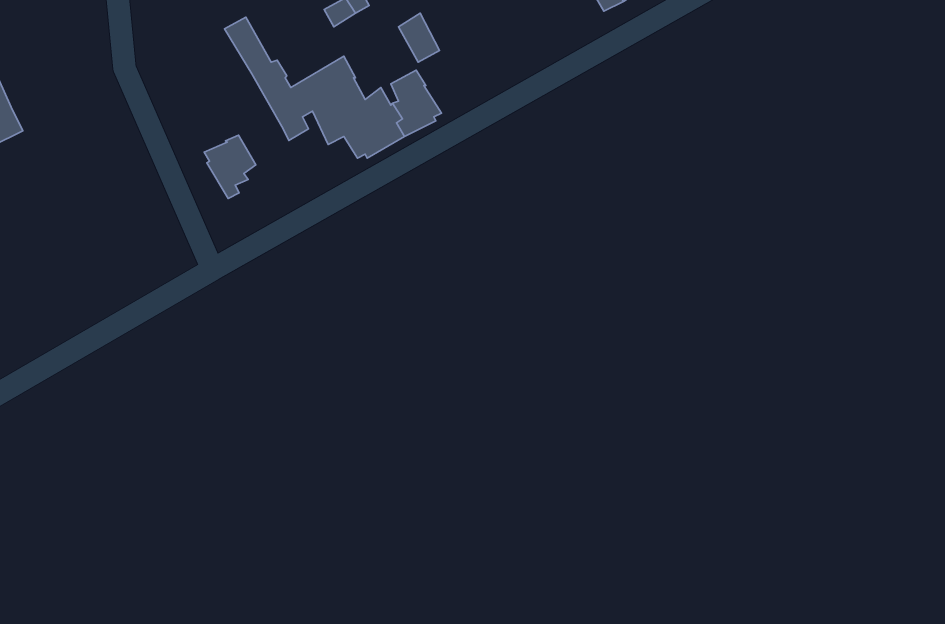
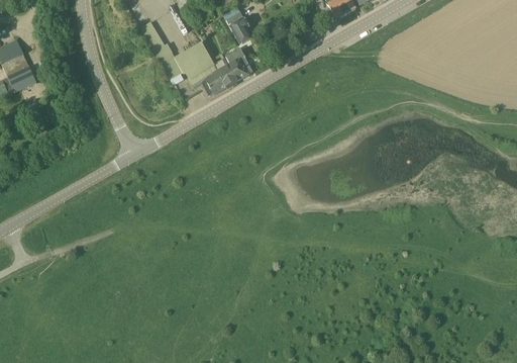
building: [204,135,256,198] -> none

